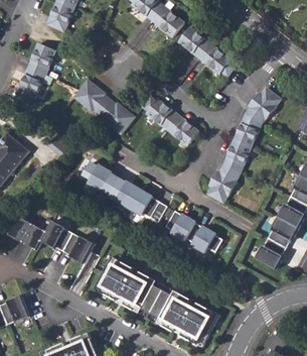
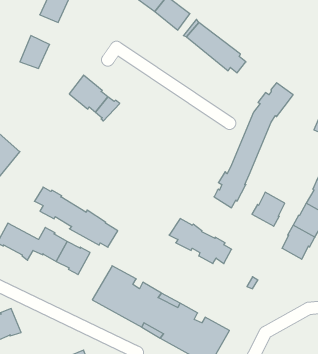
building: [17,67,45,104] -> none
building: [141,95,197,144] -> none
building: [105,105,133,133] -> none
building: [83,161,159,217] -> [34,187,118,247]
building: [257,238,287,269] -> [252,192,285,226]

